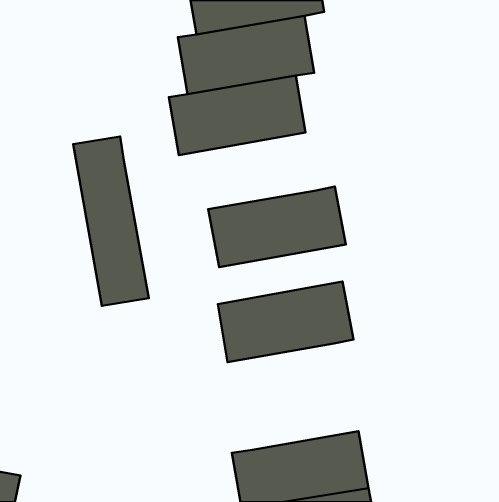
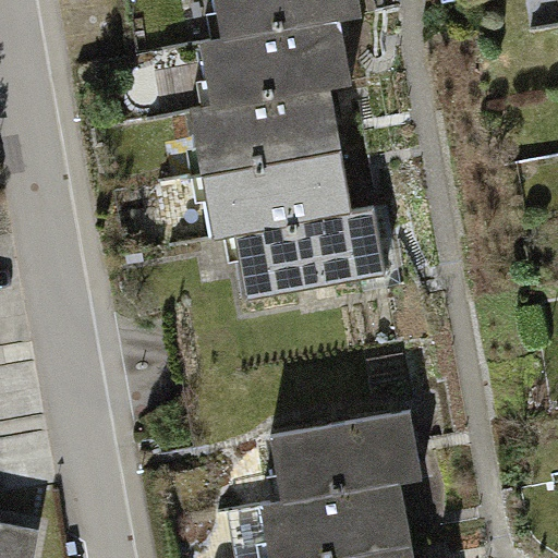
building: none -> [198,147,351,236]
building: [73,136,149,306] -> none
building: [218,281,353,362] -> [269,410,420,499]

